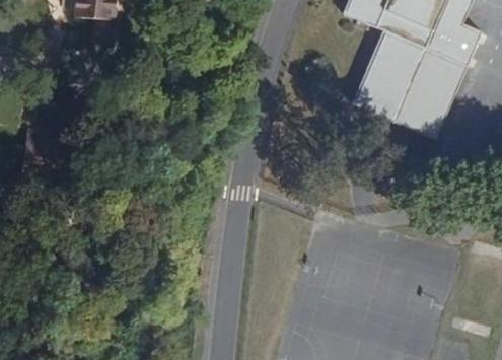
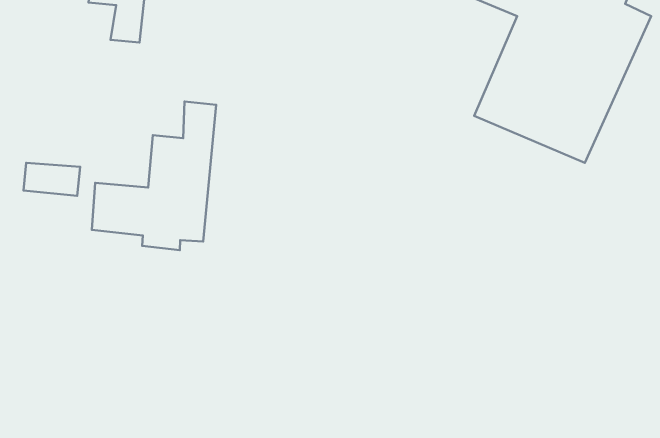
building: none -> [92,101,216,250]

